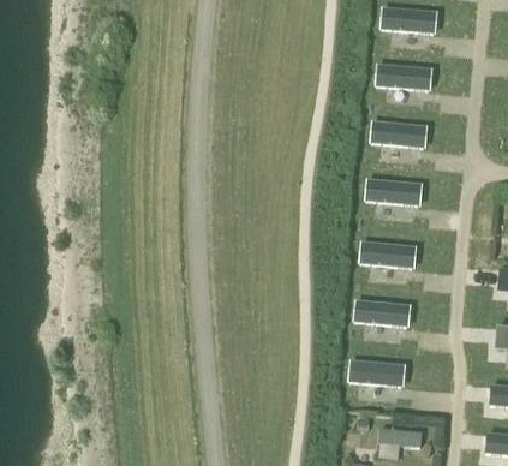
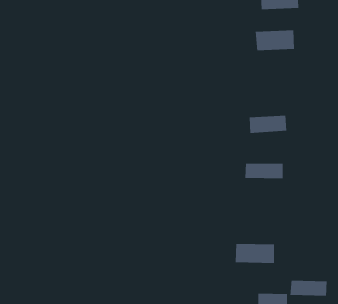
building: [372,120,425,145] -> none
building: [354,303,408,325] -> none
building: none -> [290,280,327,297]

